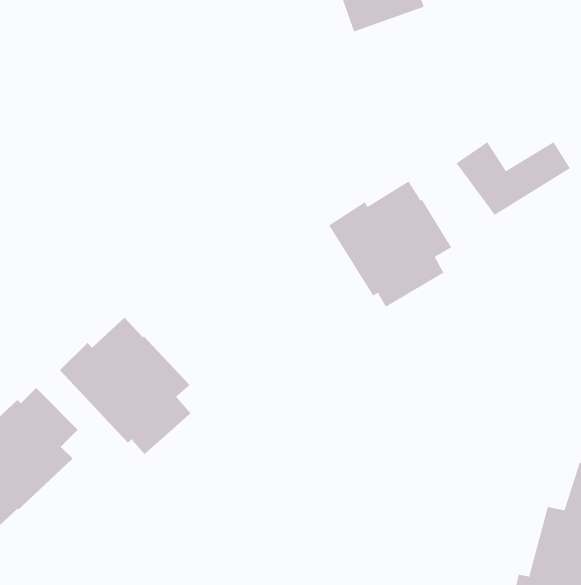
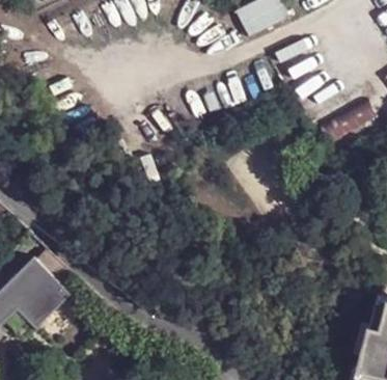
building: [328,181,452,308] -> none
building: [59,317,191,455] -> none

